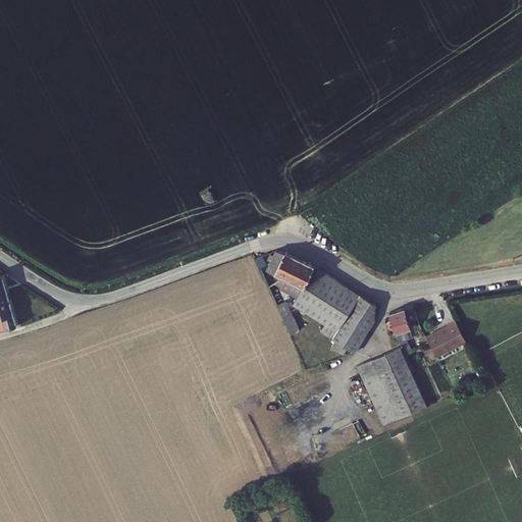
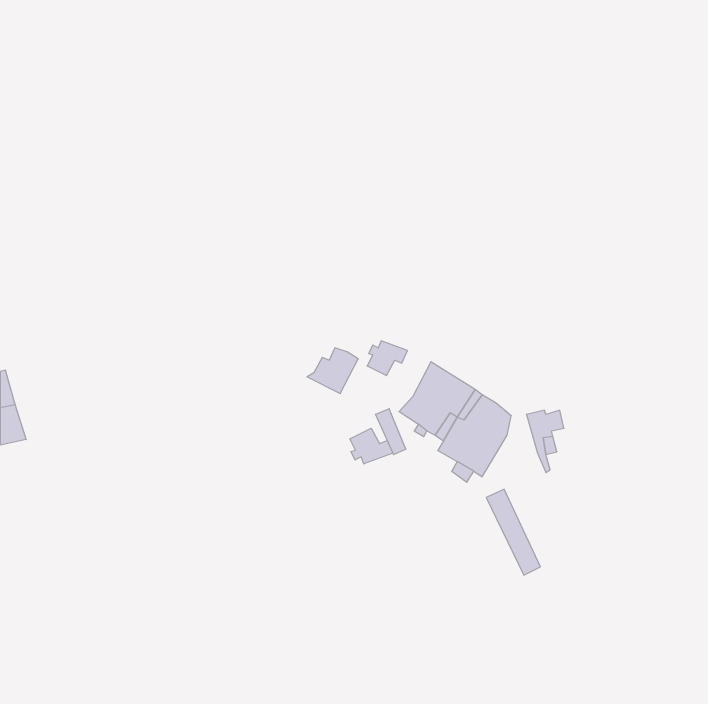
building: [279,261,317,295] -> [307,348,358,394]
building: [423,317,463,354] -> none
building: none -> [350,428,393,464]
building: [371,351,425,420] -> none

